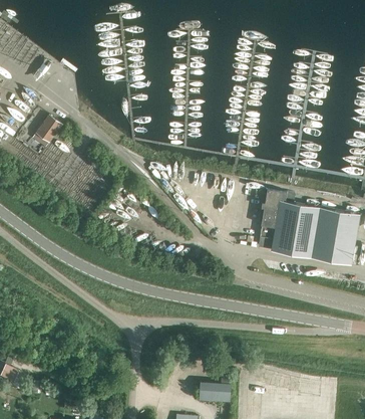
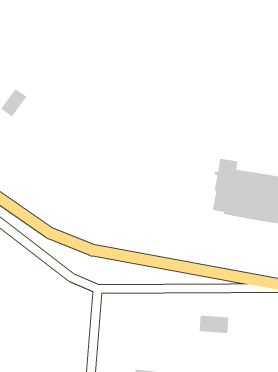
building: [199,382,231,402] -> [199,315,229,334]

